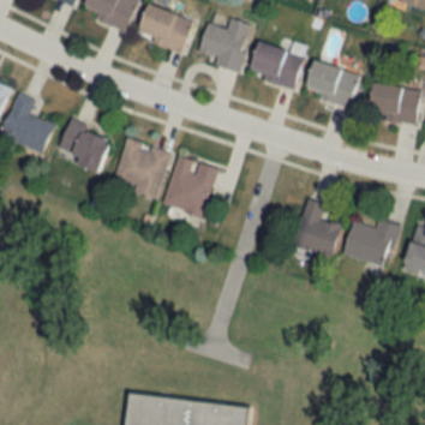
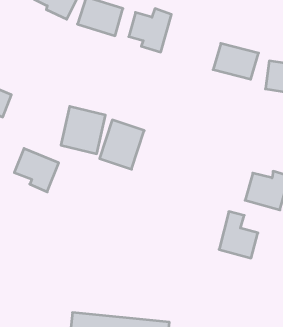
building: [249,37,304,88] -> none
building: [58,119,113,173] -> [14,148,59,192]
building: [294,198,342,256] -> [219,212,258,258]

